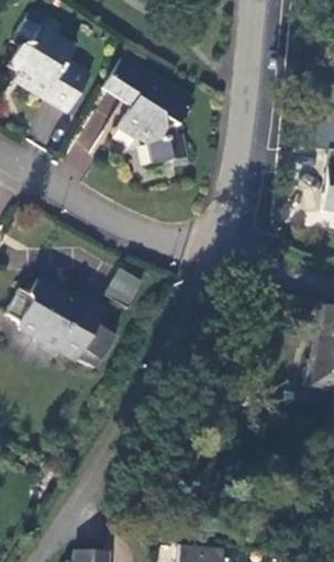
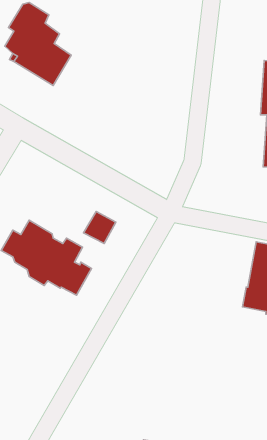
building: [102,57,193,166] -> none

